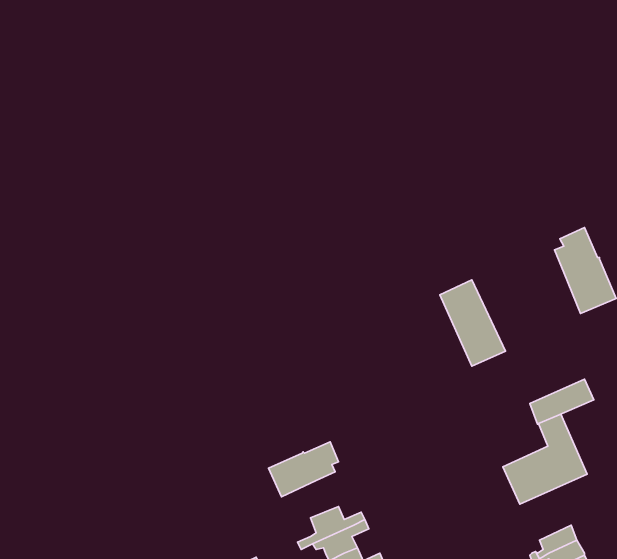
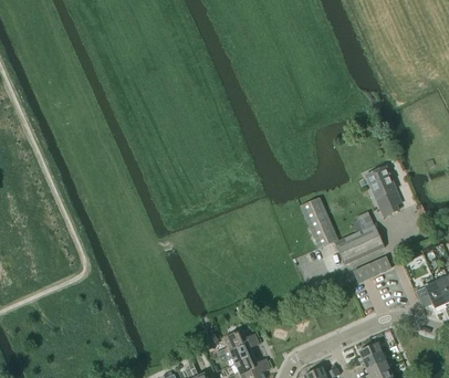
building: [503,414,587,504] -> [335,211,385,264]
building: [269,442,338,497] -> none

